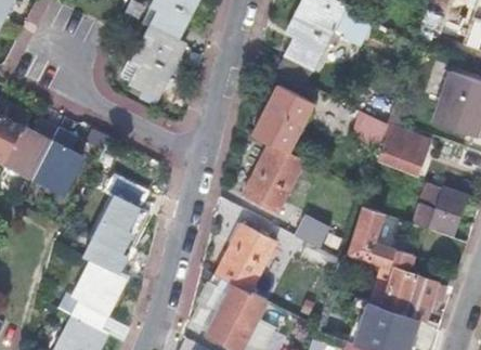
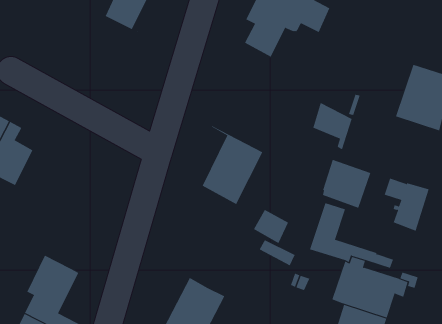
building: [132,28,183,103] -> none
building: [255,85,313,152] -> none
building: [381,128,429,176] -> [322,159,371,208]
building: [92,177,150,273] -> none
building: [217,223,276,291] -> none

